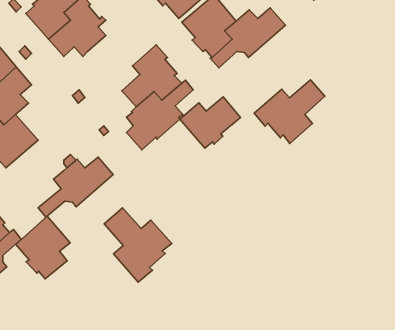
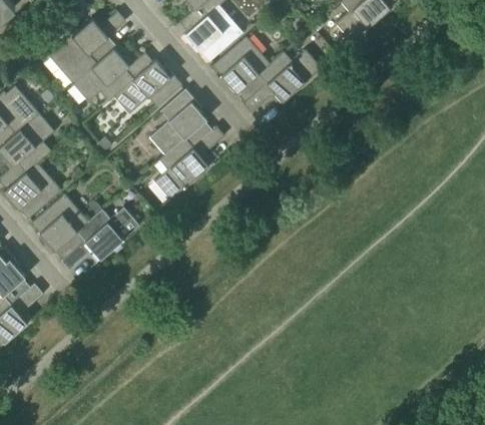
building: none -> [112,51,181,112]
building: [254,80,325,144] -> none
building: [180,97,241,148] -> none
building: [104,208,172,282] -> none
building: [16,216,70,279] -> [30,192,87,259]

